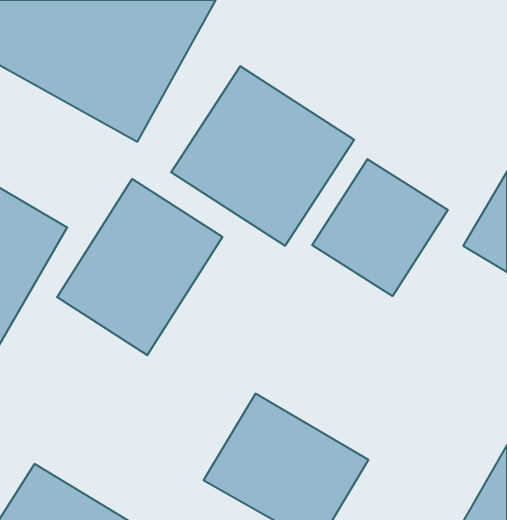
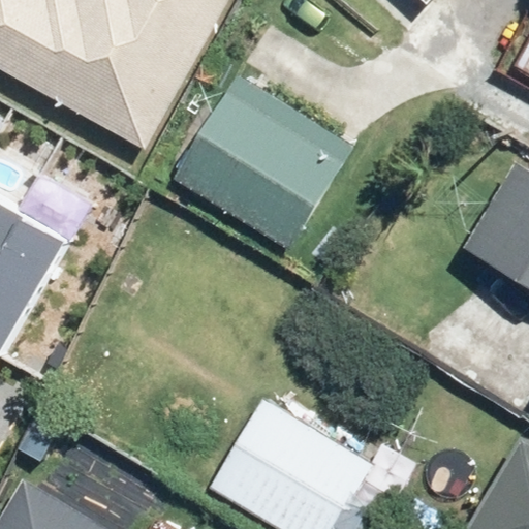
building: [312,159,448,296] -> none
building: [57,179,222,355] -> none

